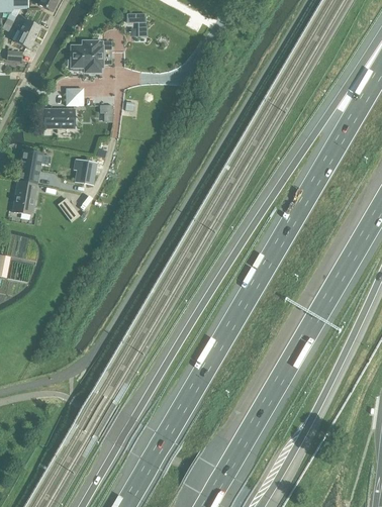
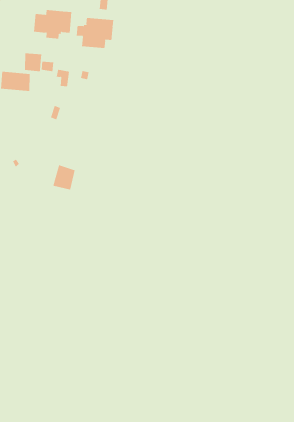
building: none -> [76,17,114,49]
building: [74,159,96,184] -> [53,165,76,190]

